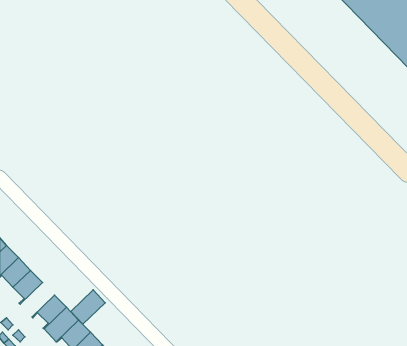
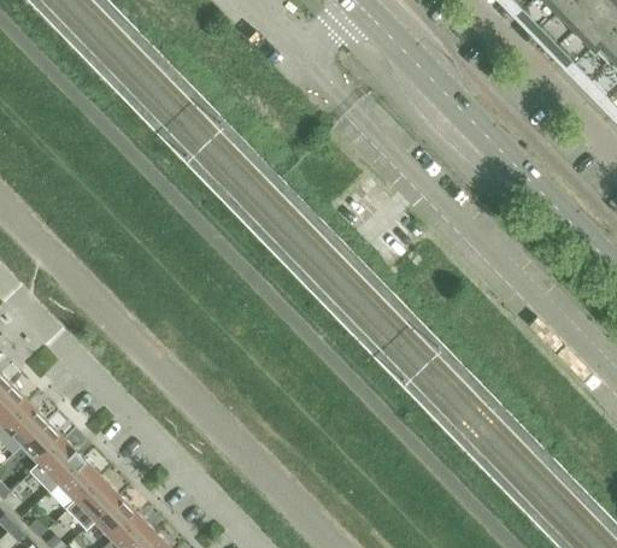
building: [71,290,105,324] -> [33,441,84,493]

